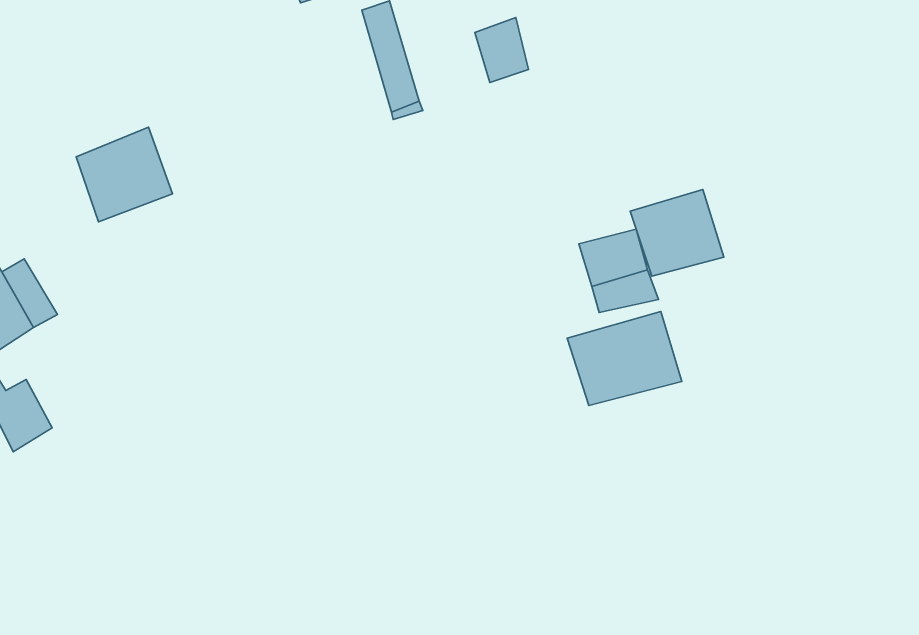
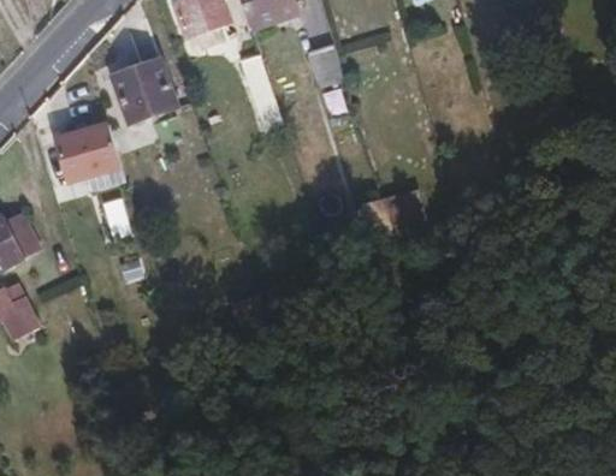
building: none -> [107,55,173,125]
building: [630,189,724,276] -> none
building: [567,312,682,405] -> none

